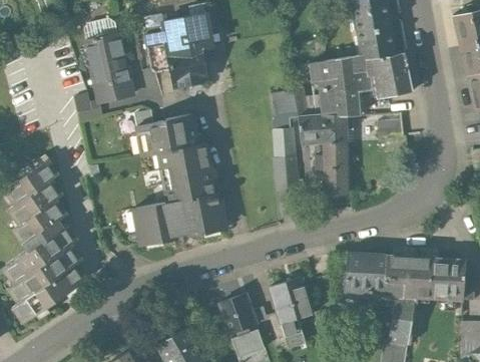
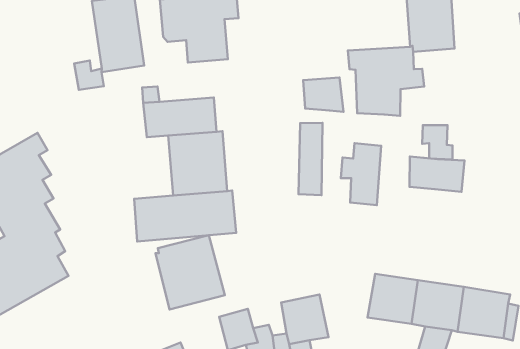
building: [365,53,412,97] -> none
building: [298,116,345,143] -> [409,157,464,192]
building: none -> [156,235,225,309]

